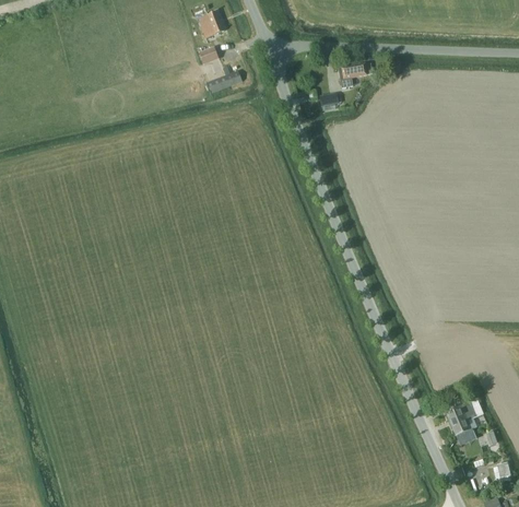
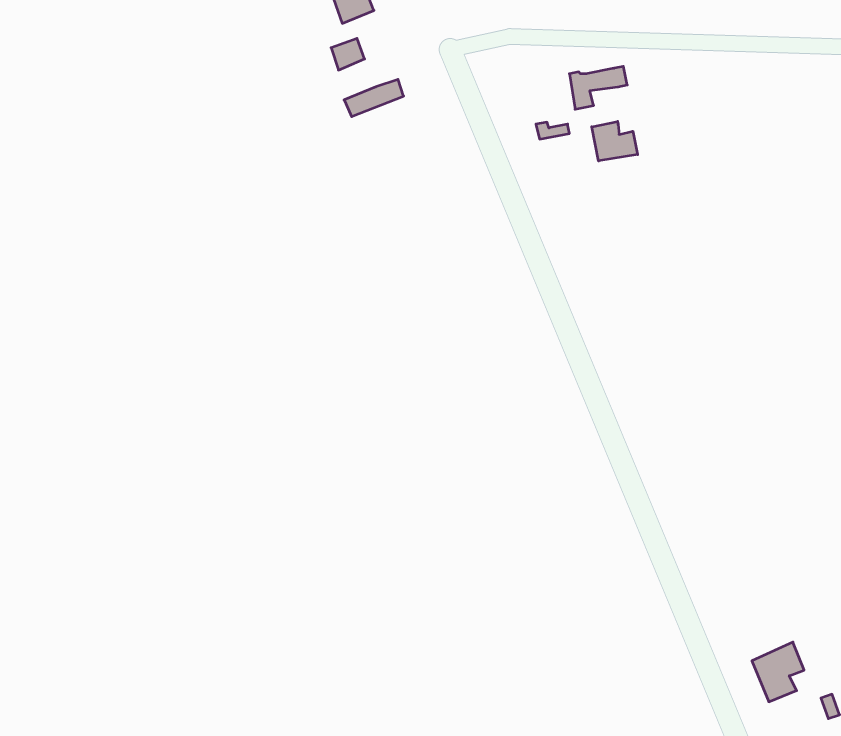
building: none -> [592,121,638,161]

